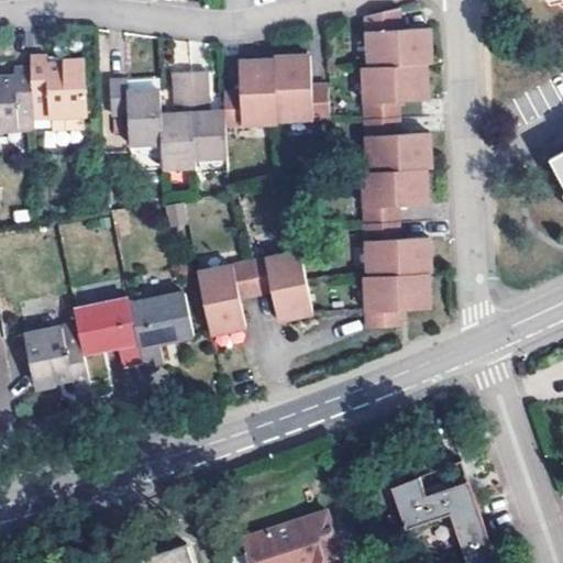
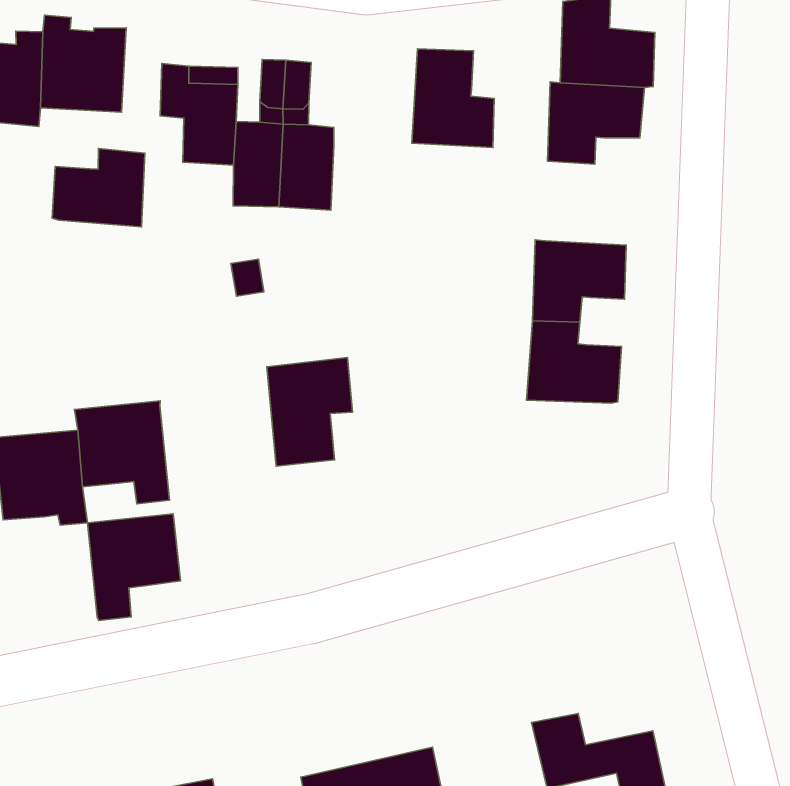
building: [224,59,276,124] -> none
building: [365,120,427,173] -> none
building: none -> [52,149,145,227]
building: [247,251,312,321] -> none
building: [364,274,422,328] -> none
building: [129,292,192,366] -> [88,514,180,620]

